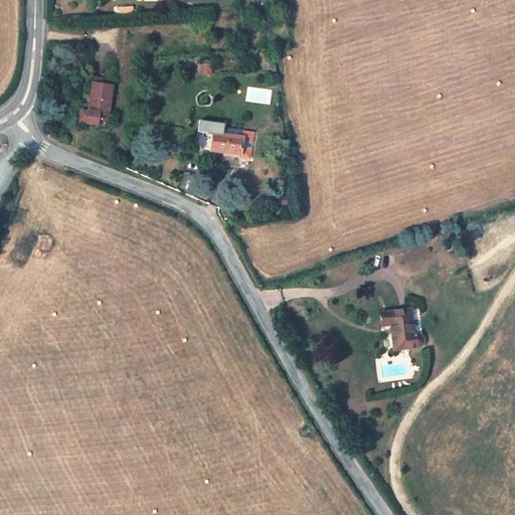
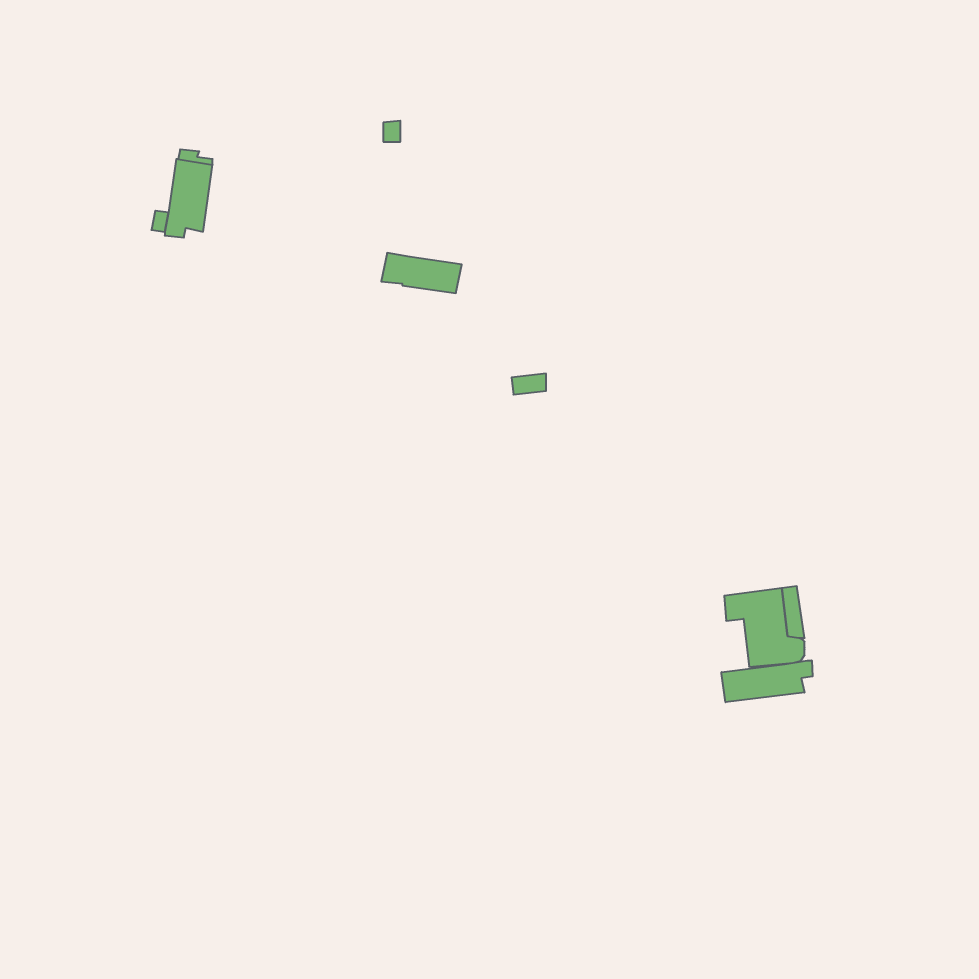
building: [215,128,252,159] -> none
building: none -> [721,660,813,702]

